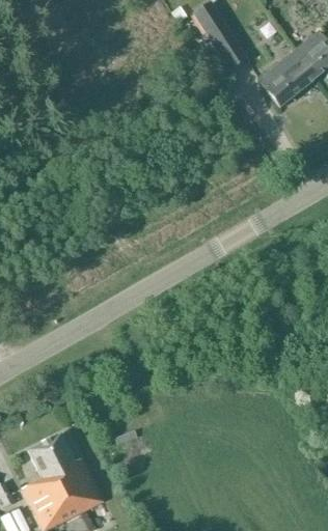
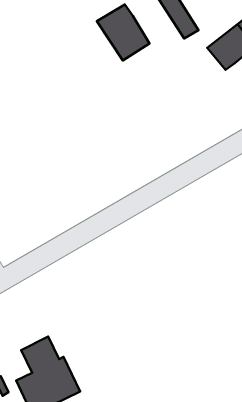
building: none -> [97,4,150,60]

